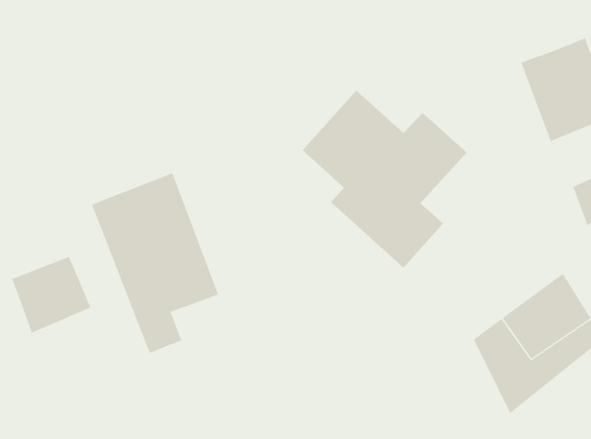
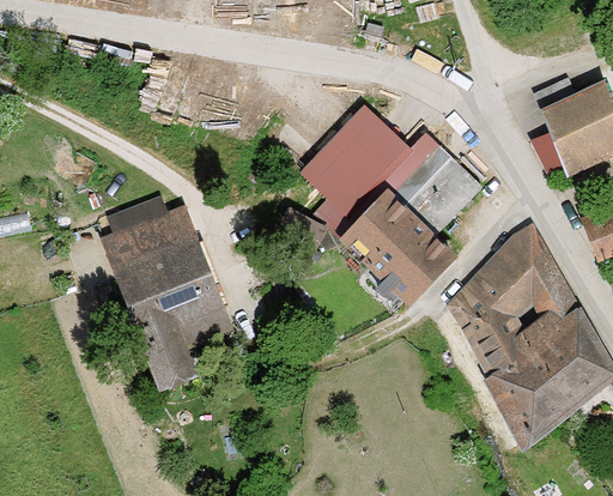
building: none -> [449,223,578,373]
building: [11,256,91,333] -> none

